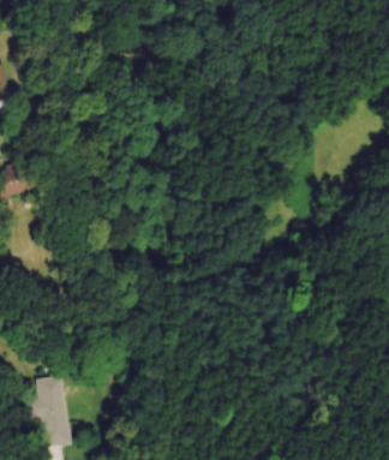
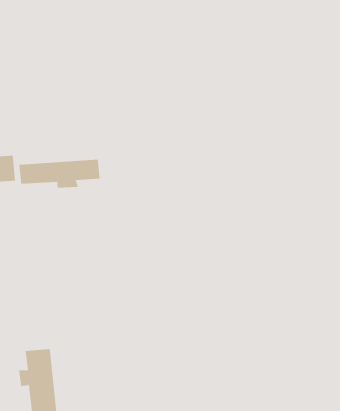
building: none -> [19,159,100,189]

